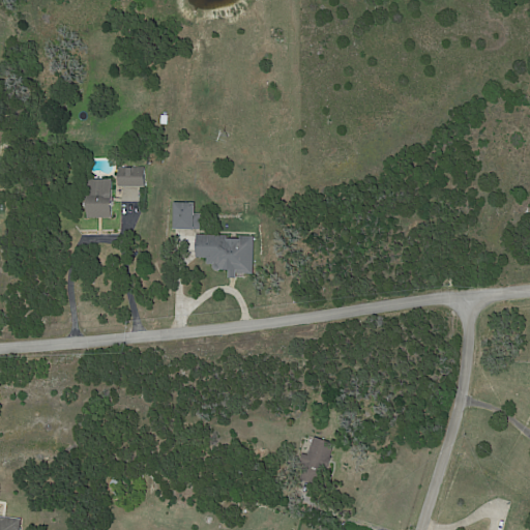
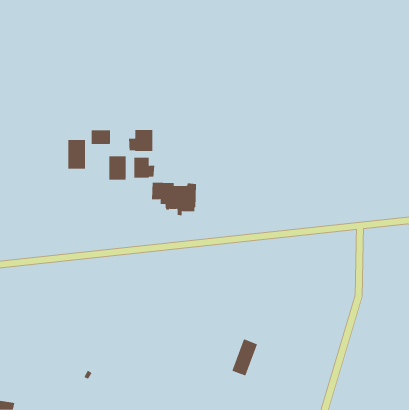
building: none -> [128,129,153,152]
building: none -> [109,155,126,180]

